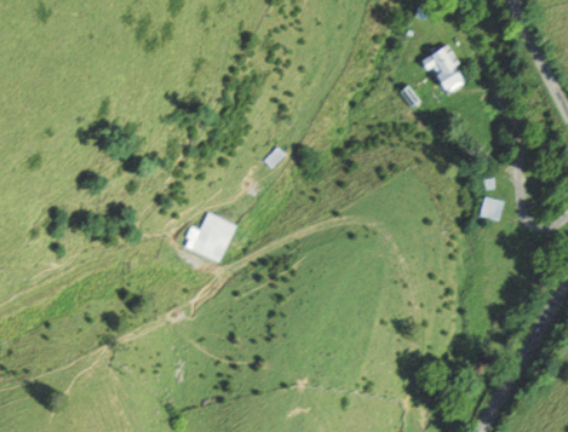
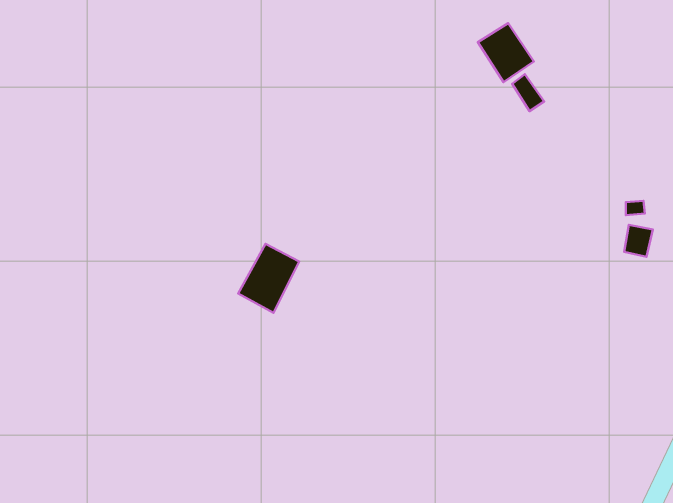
building: [423,45,465,90] -> [478,23,534,82]

